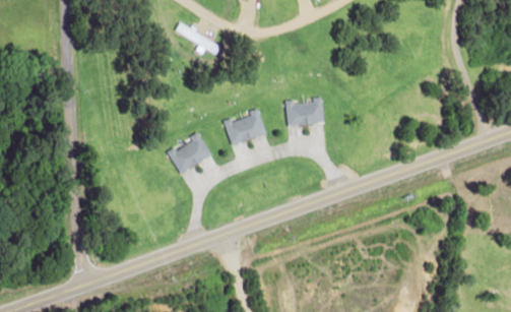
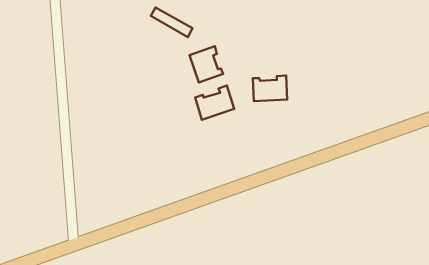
building: none -> [190,46,223,82]
building: [168,131,211,174] -> none

